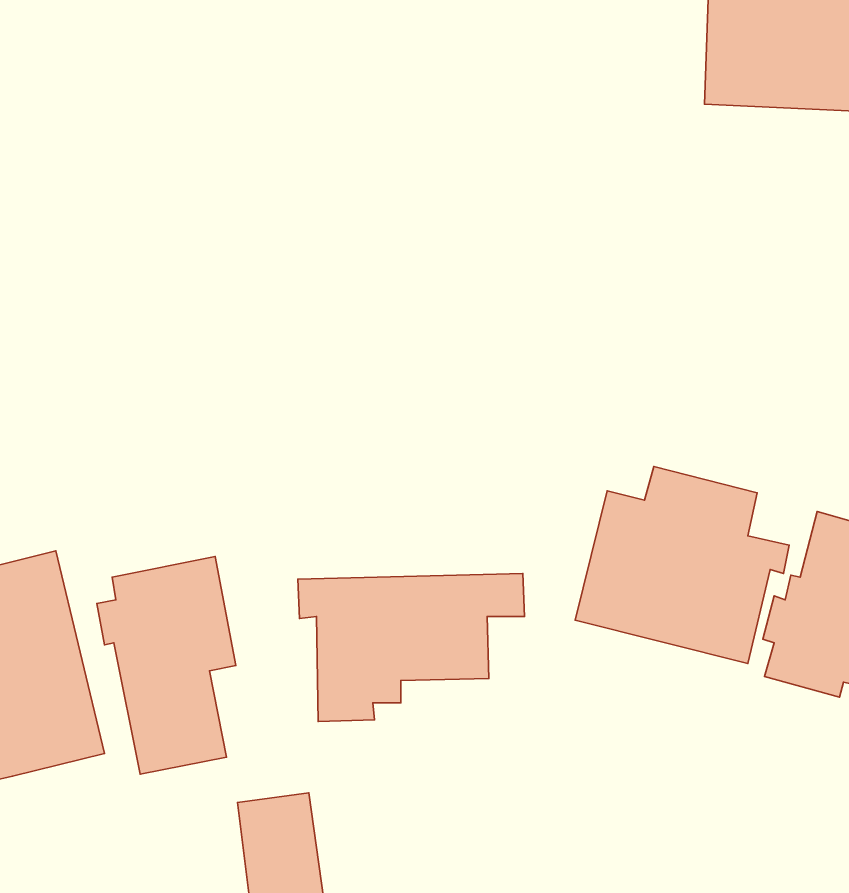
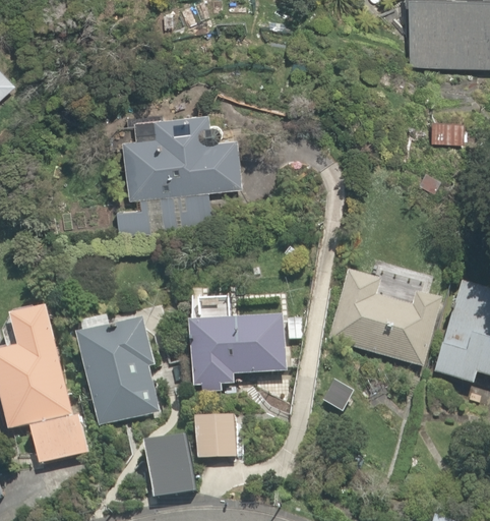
building: none -> [113,113,237,232]
building: none -> [26,413,85,464]
building: none -> [197,418,246,459]

